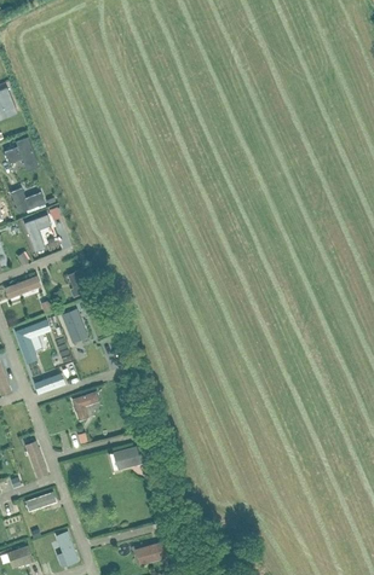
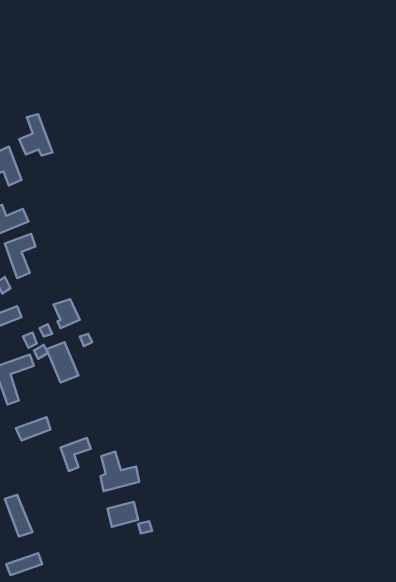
building: none -> [19,114,52,156]
building: none -> [100,451,139,491]

